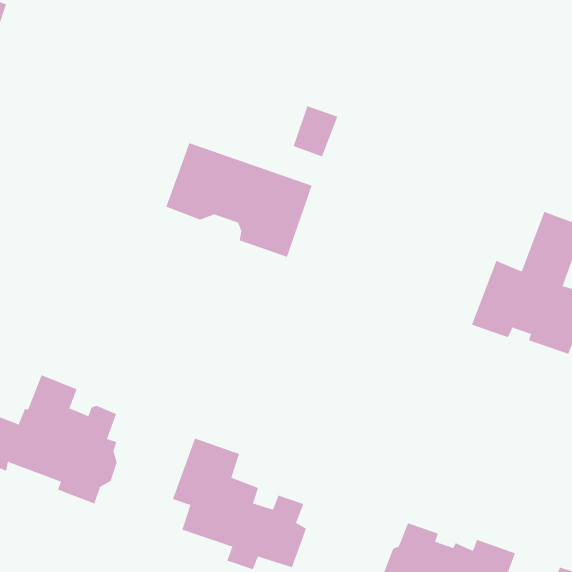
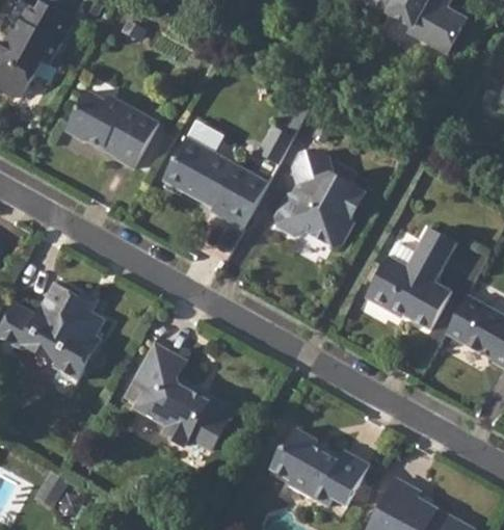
building: none -> [64,91,158,171]
building: none -> [274,149,362,242]

